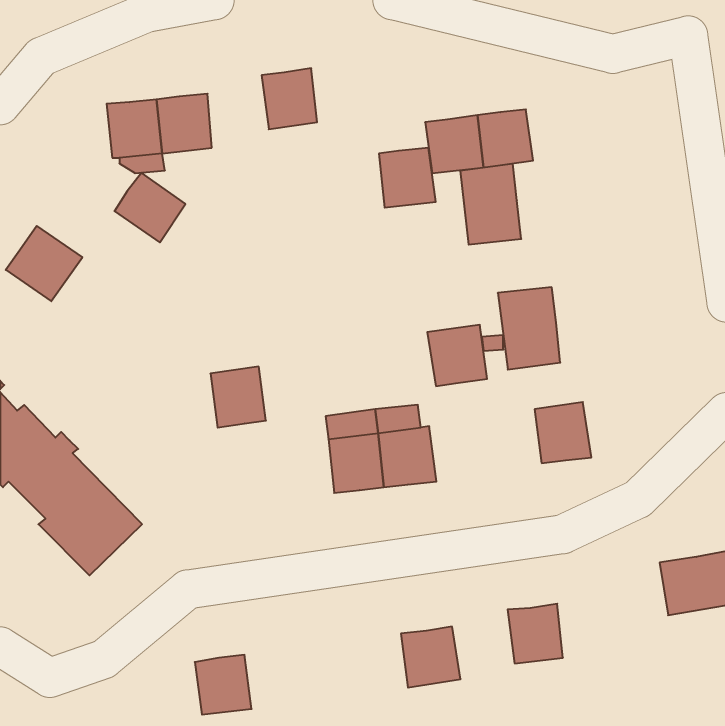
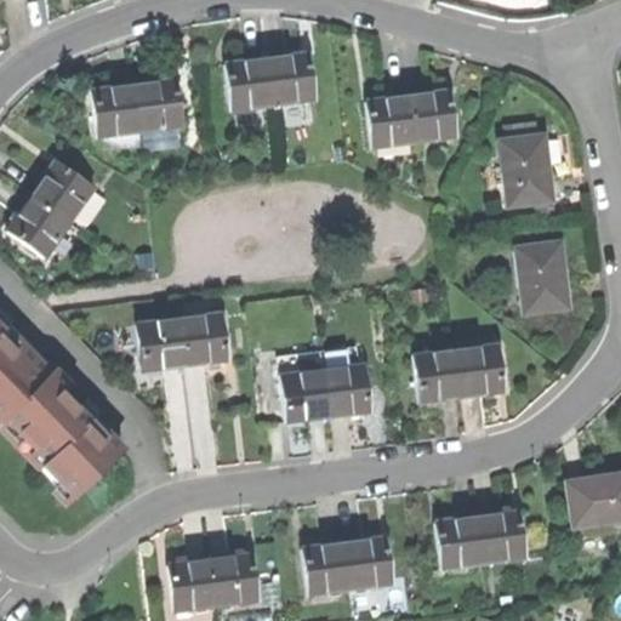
building: [379,148,436,208] -> [267,53,315,104]
building: [460,164,521,245] -> [500,136,552,205]
building: [114,173,185,242] -> [33,160,93,220]
building: [498,287,560,370] -> [515,243,569,313]
building: [427,325,487,386] -> [412,349,463,401]
building: none -> [137,319,187,371]
building: none -> [477,511,525,562]
building: none -> [301,541,349,592]
building: none -> [210,553,260,605]

